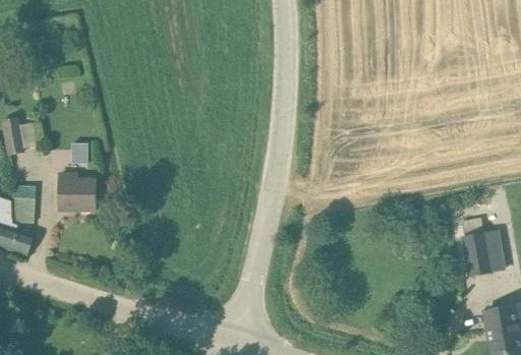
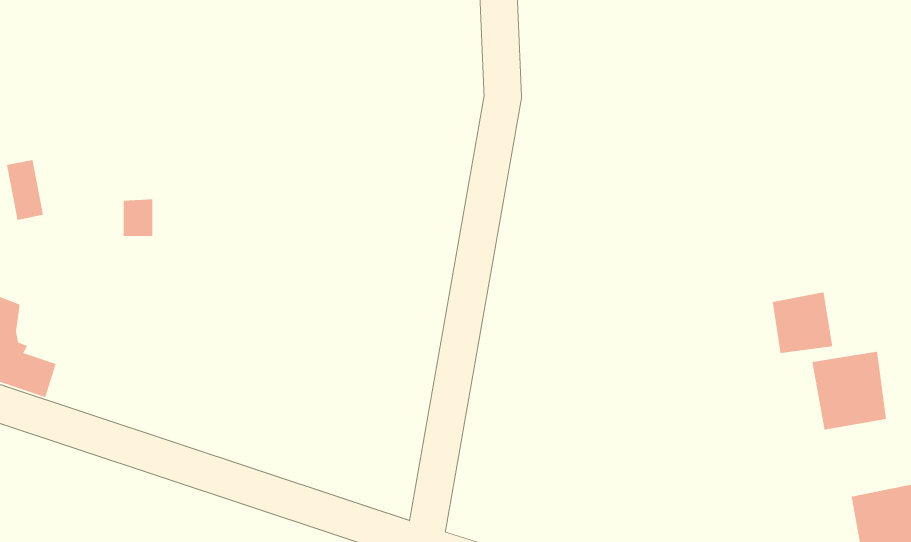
building: [59,173,96,211] -> none
building: [12,185,37,224] -> none
building: none -> [772,291,833,354]

